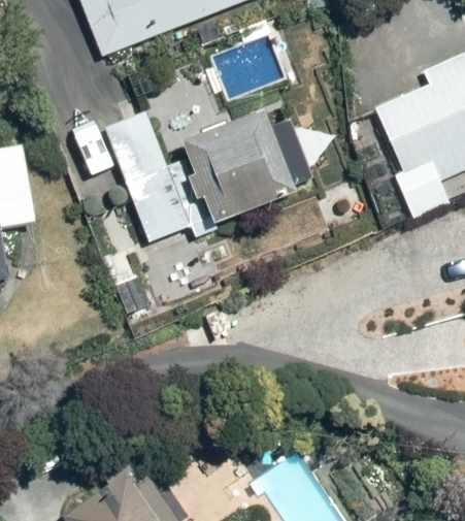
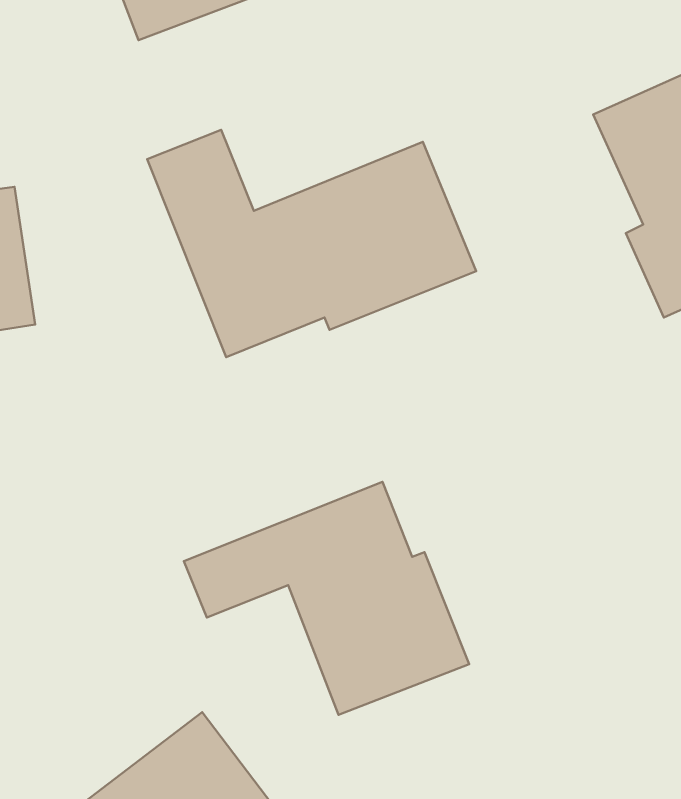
building: none -> [184,482,469,715]

